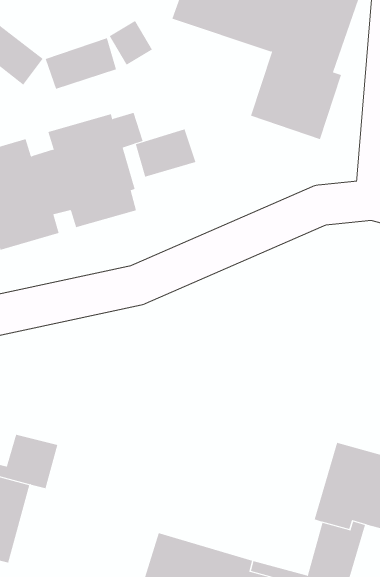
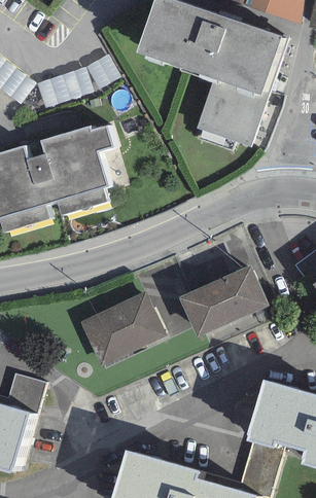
building: [135,129,196,178] -> none
building: none -> [178,264,268,336]
building: none -> [79,290,166,366]

